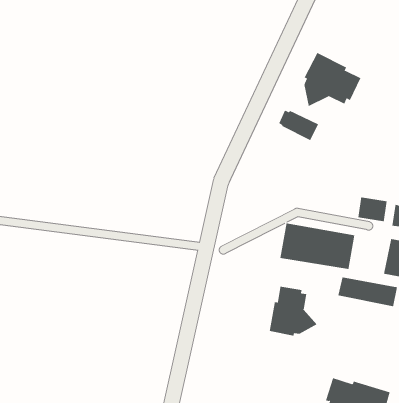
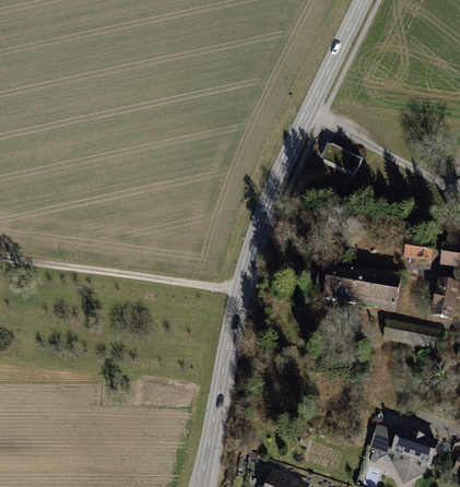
building: [304,52,361,107] -> none
building: [269,286,317,336] -> none

